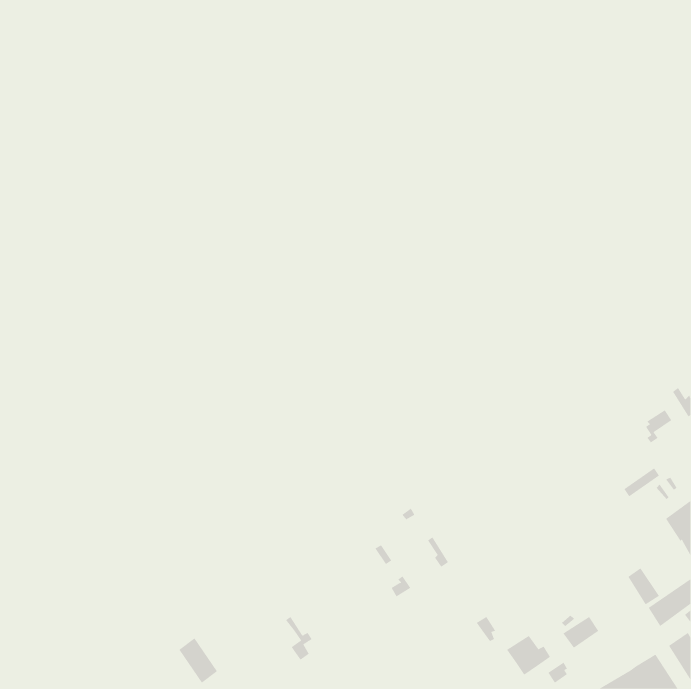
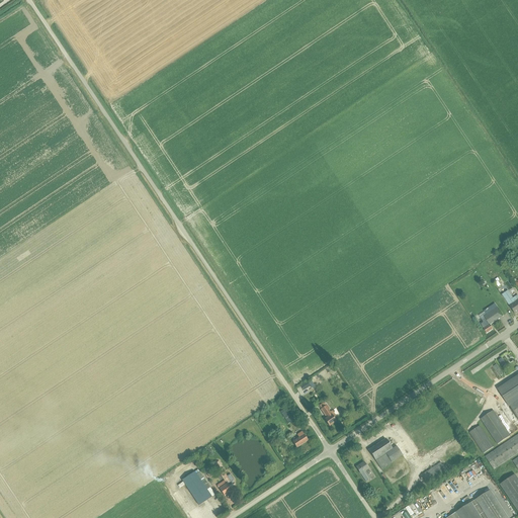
building: none -> [481,410,511,443]
building: [506,635,551,676] -> [368,438,402,468]
building: [178,638,218,683] -> [182,470,211,505]

